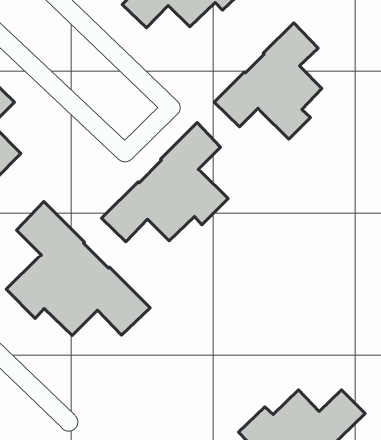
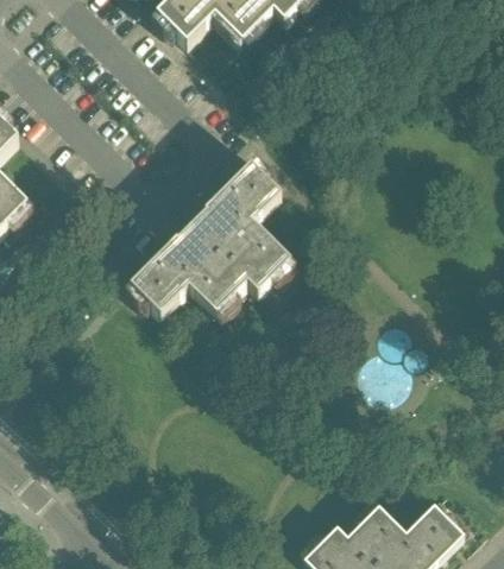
building: [214,23,322,139] -> none
building: [6,201,150,336] -> none

